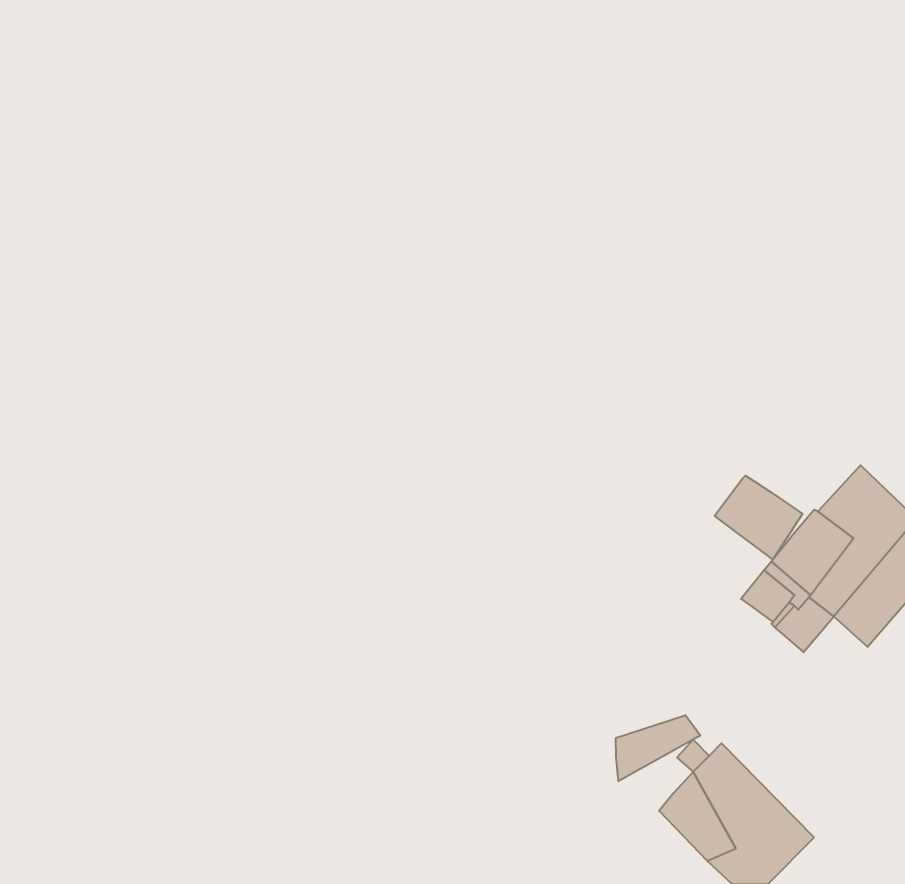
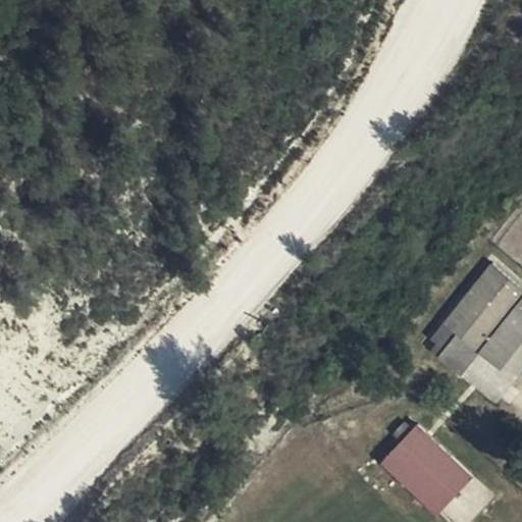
building: [715,476,802,560] -> none
building: [616,715,700,781] -> none

